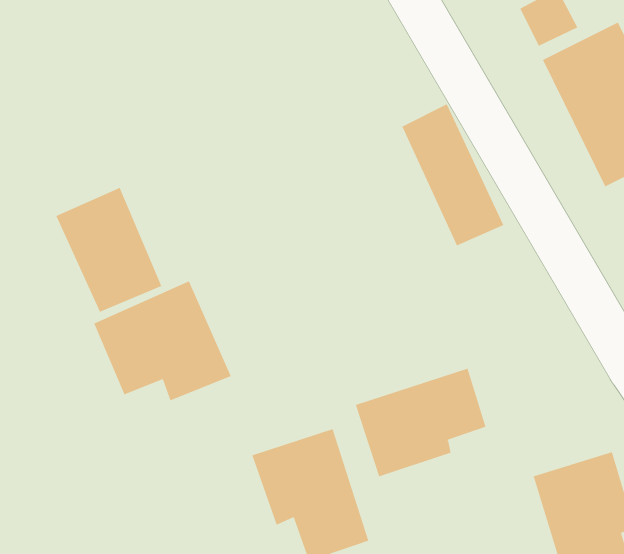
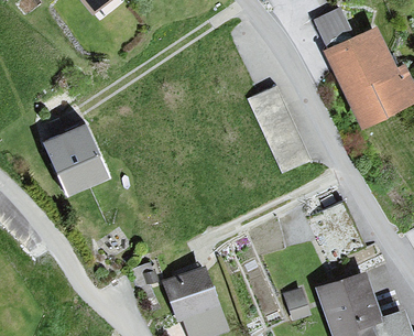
building: [94,280,232,401] -> none
building: [355,368,486,477] -> none

